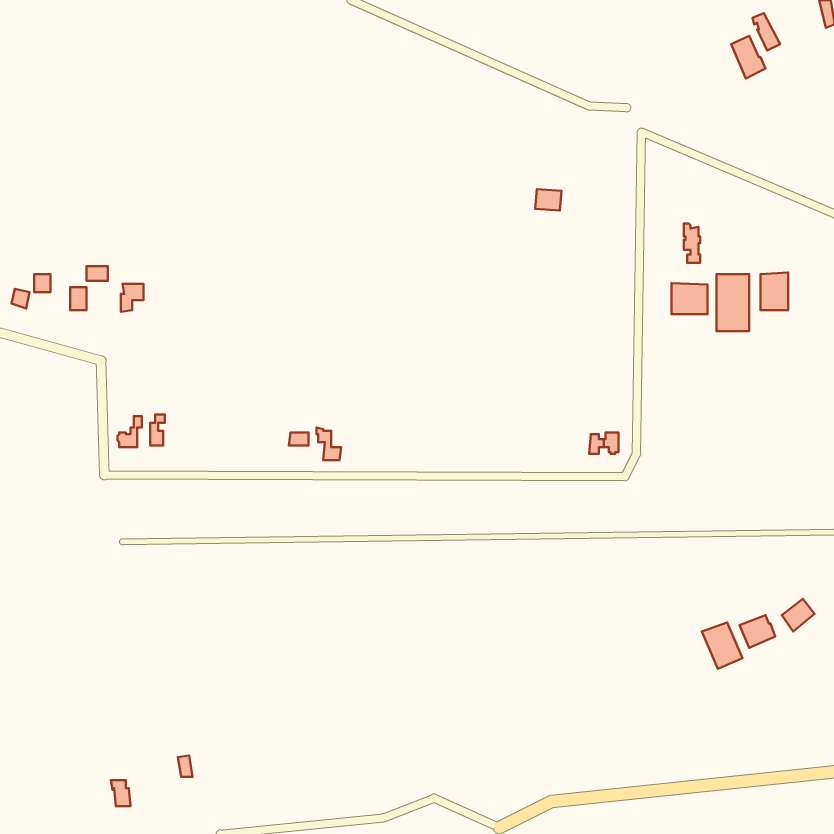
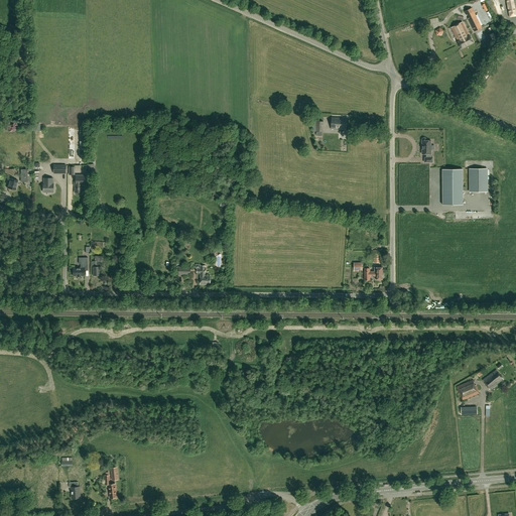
building: [672,283,707,314] -> none
building: [702,623,742,669] -> none

